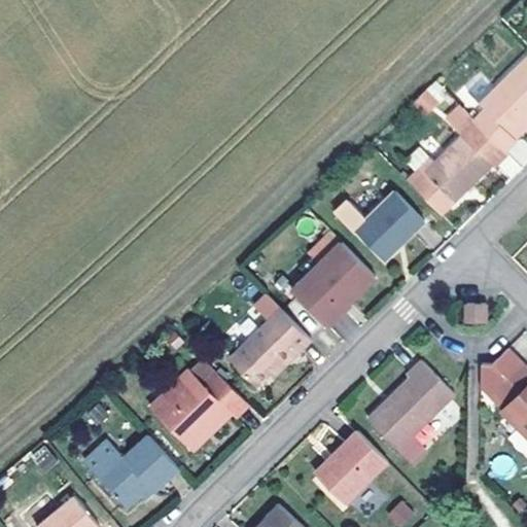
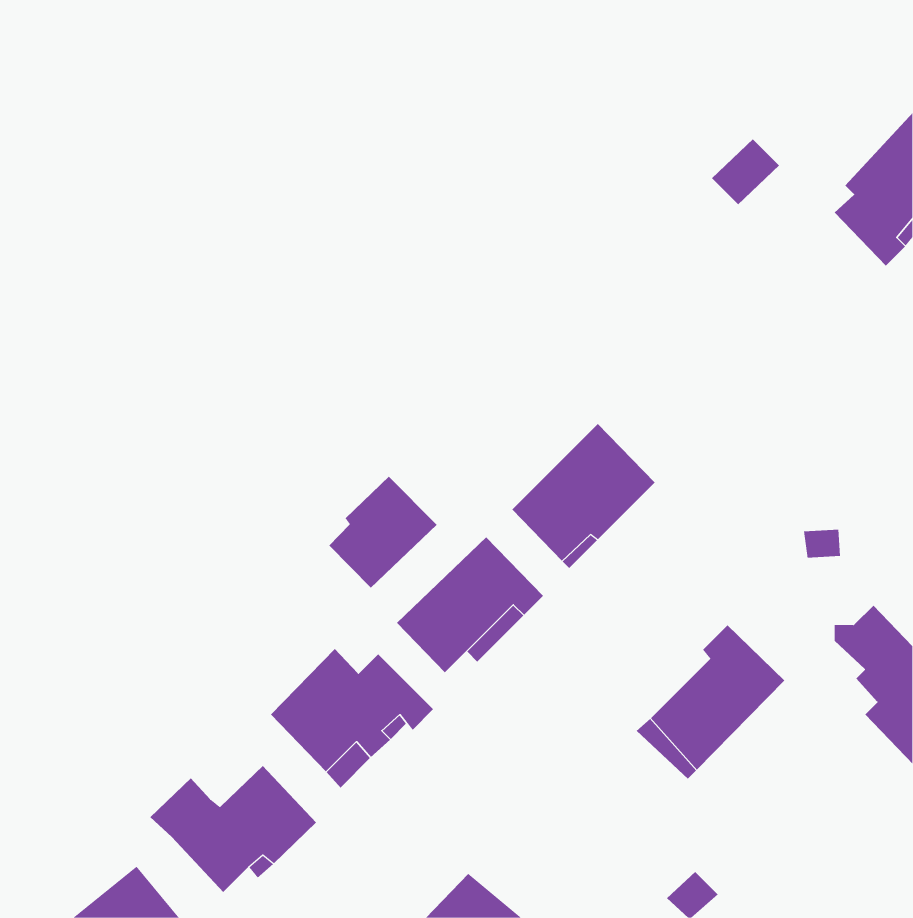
building: [408,108,510,216] -> none
building: [338,191,425,258] -> none
building: none -> [328,476,437,588]
building: [309,427,384,502] -> none

